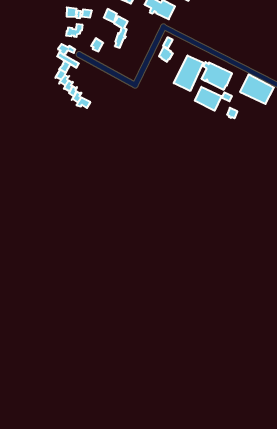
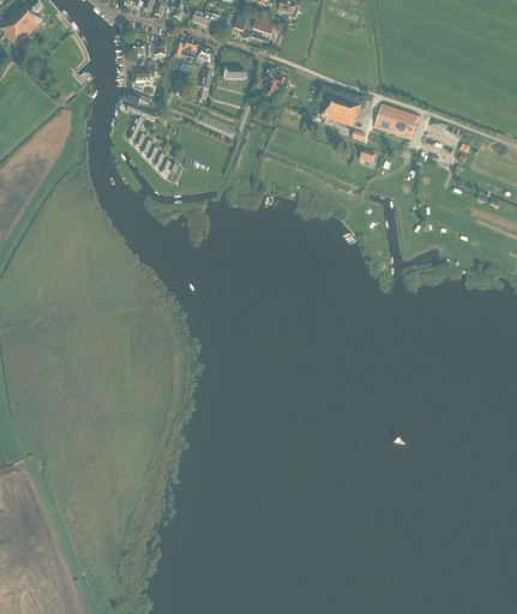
building: [174,55,203,91] -> none
building: [195,87,222,111] -> none

